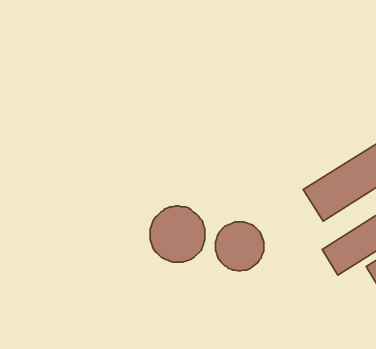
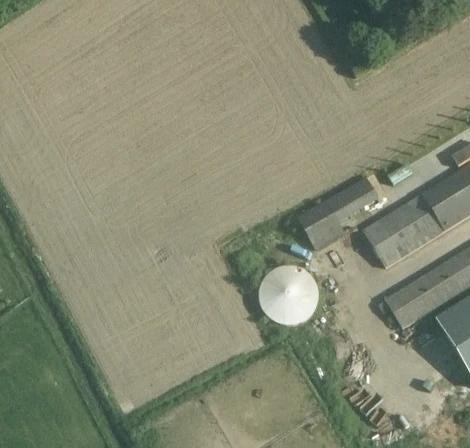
building: none -> [298,177,381,250]
building: [150,206,205,262] -> none

